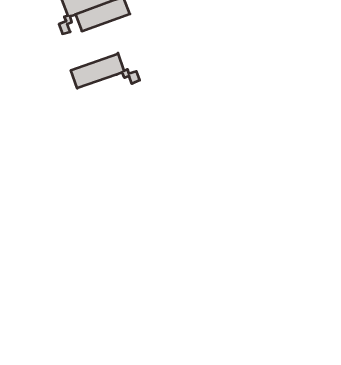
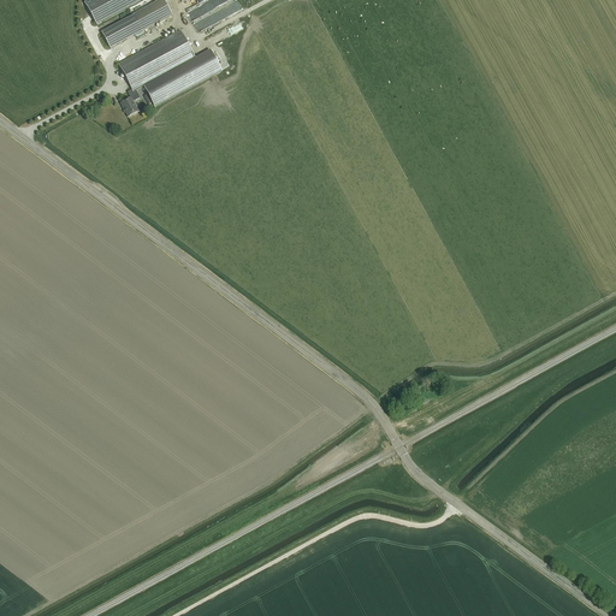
building: [71,53,140,88] -> none

